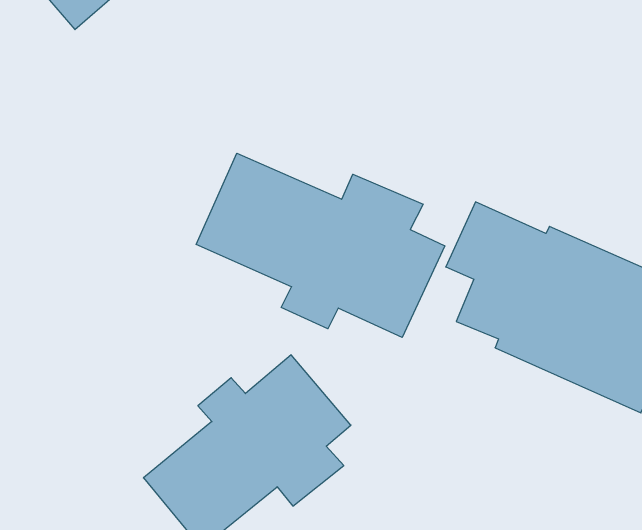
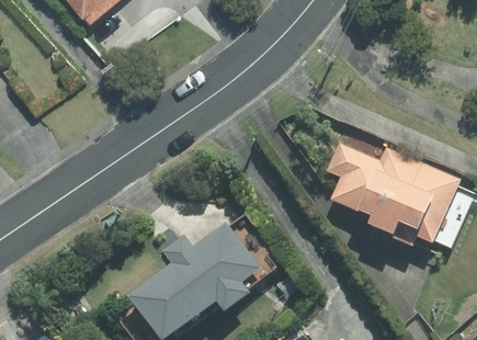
building: [196,153,445,337] -> none

